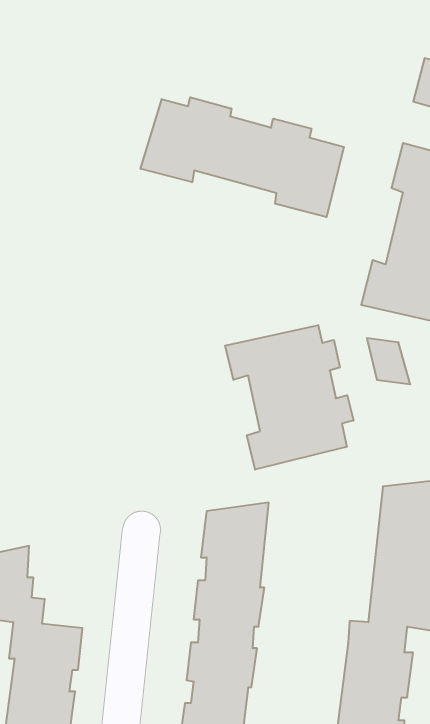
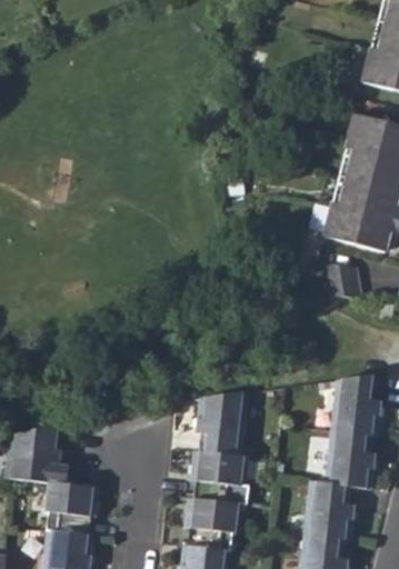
building: [141,97,344,217] -> none
building: [225,325,353,470] -> none

